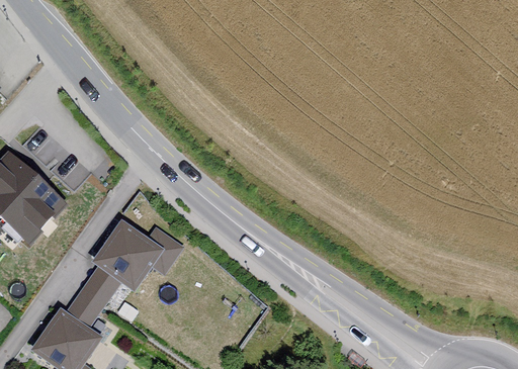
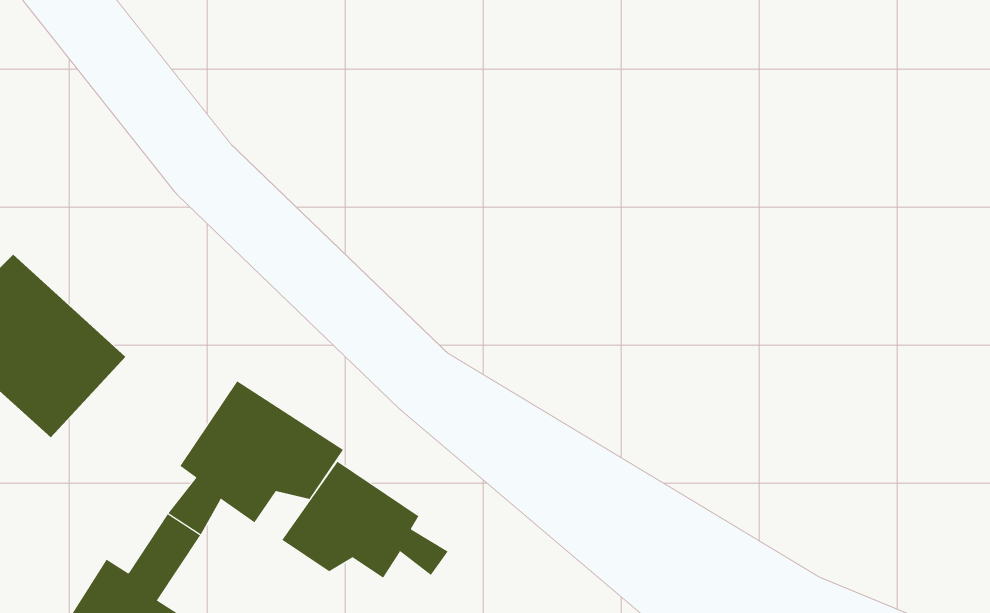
building: none -> [281,461,449,579]

